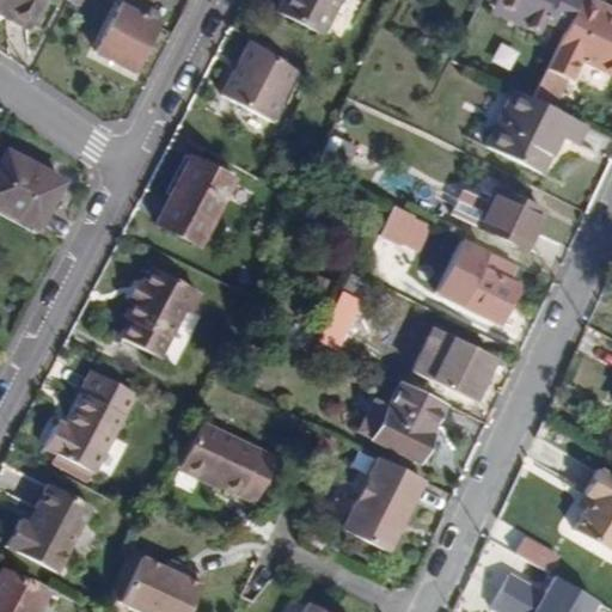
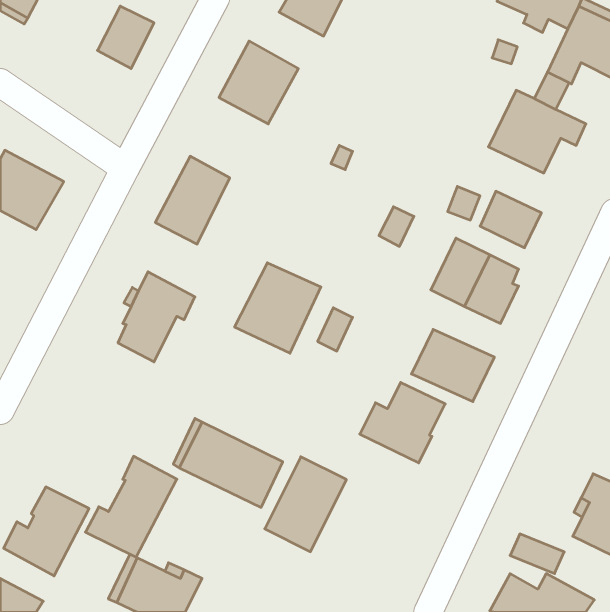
building: none -> [235,263,321,353]
building: [45,373,136,473] -> [85,456,177,557]
building: [342,455,423,550] -> [265,457,346,552]

